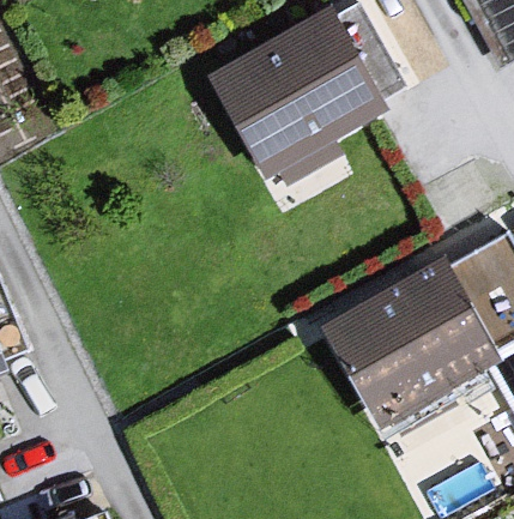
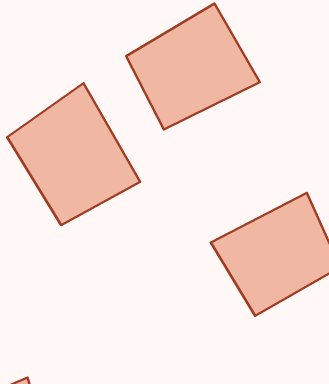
building: none -> [7,83,140,225]

